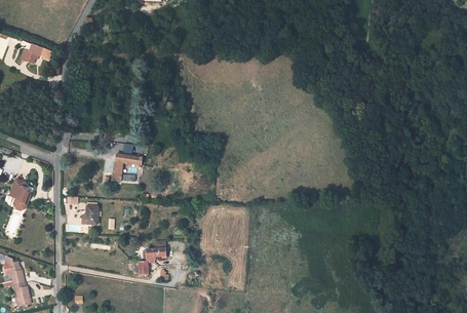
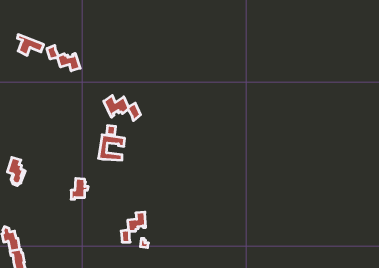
building: none -> [47,45,80,71]
building: none -> [104,95,141,121]

